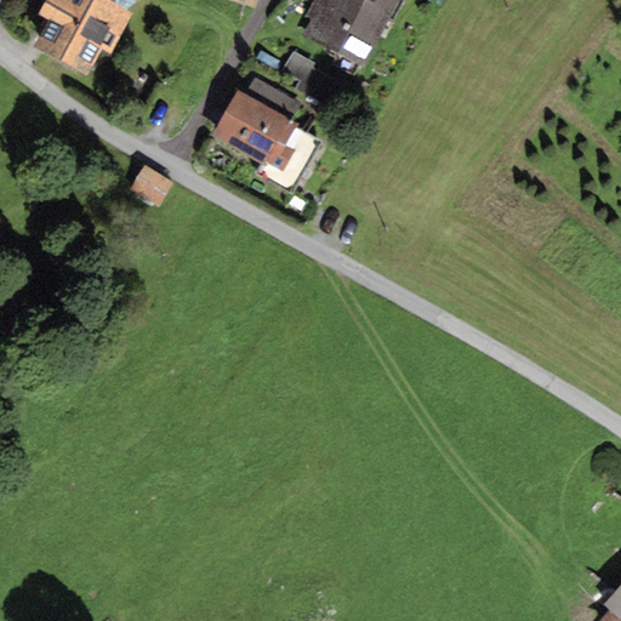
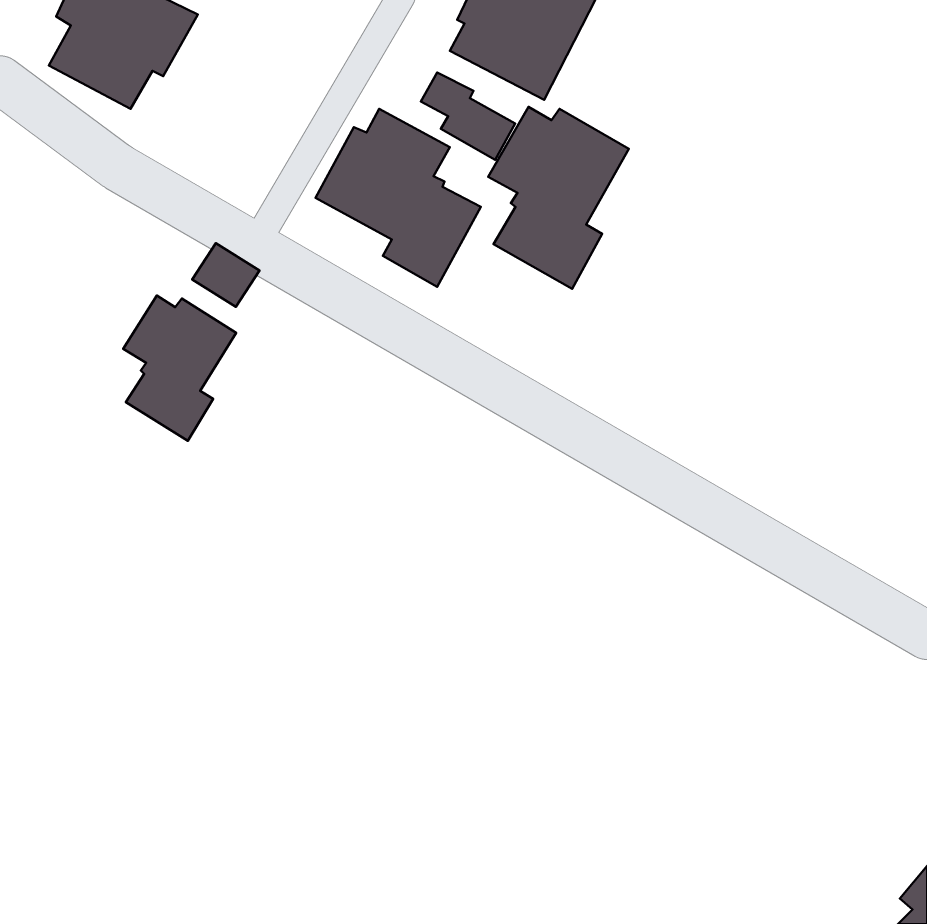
building: none -> [488,107,629,289]
building: none -> [123,296,236,441]

